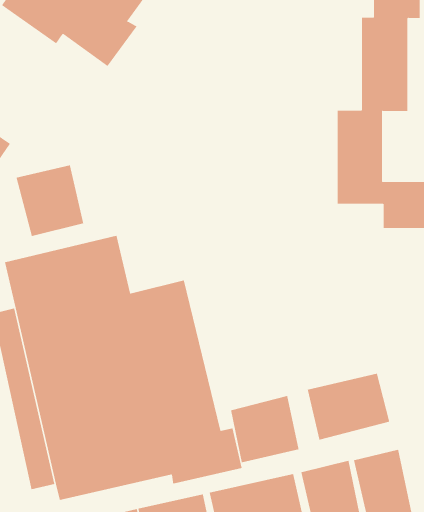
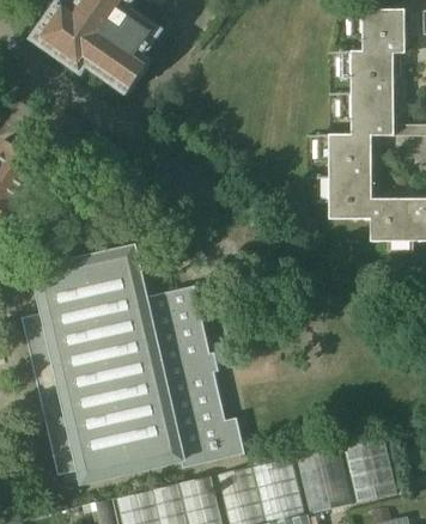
building: [16,165,84,237] -> none
building: [307,373,390,440] -> none
building: [230,395,299,463] -> none

